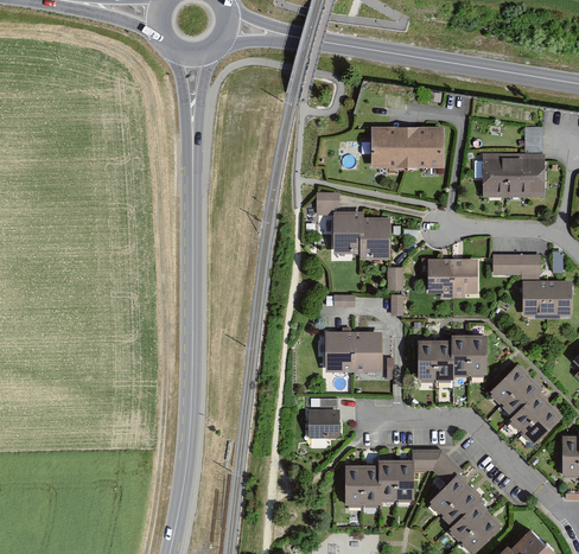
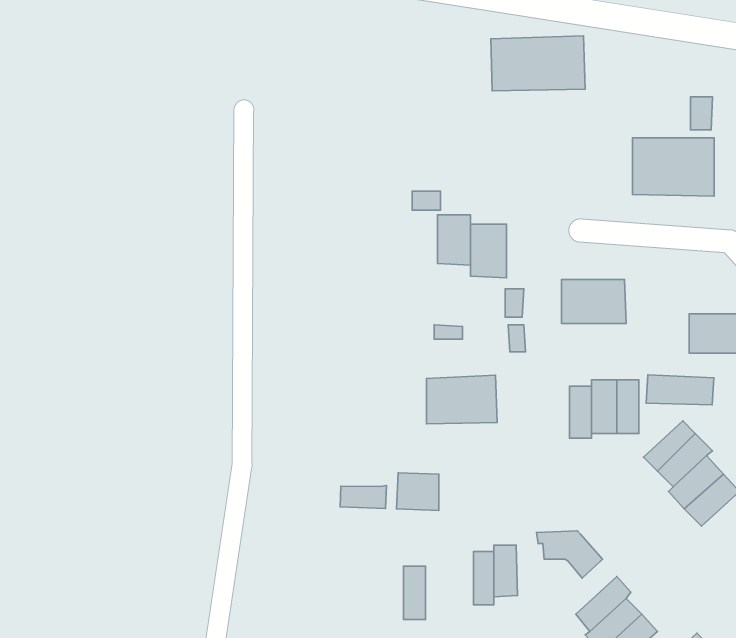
building: [374,127,445,168] -> [491,36,585,91]
building: [491,248,542,270] -> [646,375,714,405]
building: [419,340,435,380] -> none
building: none -> [340,486,386,508]
building: [395,460,414,498] -> none
building: [346,465,363,505] -> [403,566,425,620]
building: [428,472,471,512] -> none

